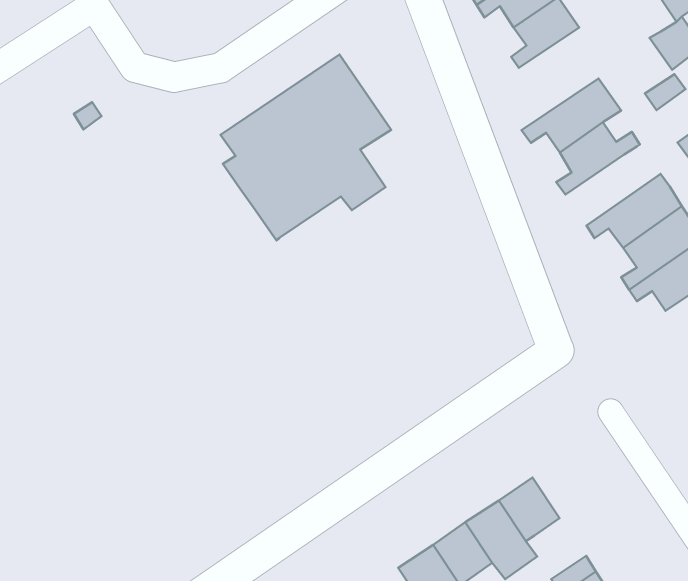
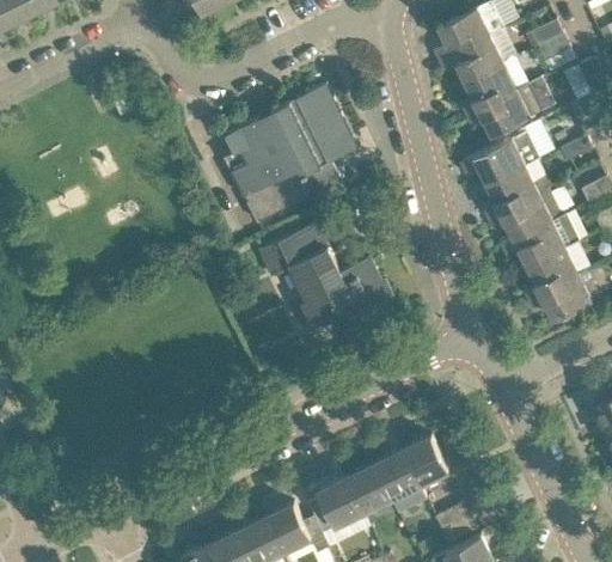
building: none -> [465,84,543,136]
building: none -> [488,189,562,239]
building: none -> [261,224,392,325]

